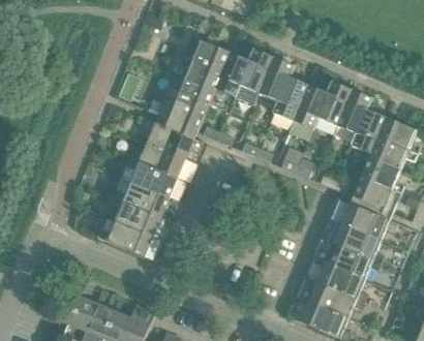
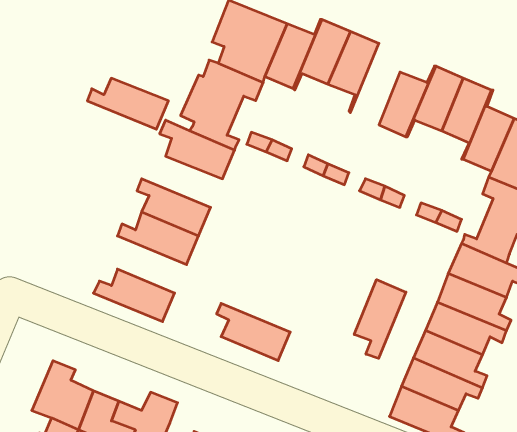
building: [273,65,307,121] -> none
building: [129,143,185,178] -> [87,78,168,129]
building: [110,197,160,237] -> [217,303,290,361]
building: none -> [354,280,406,358]

